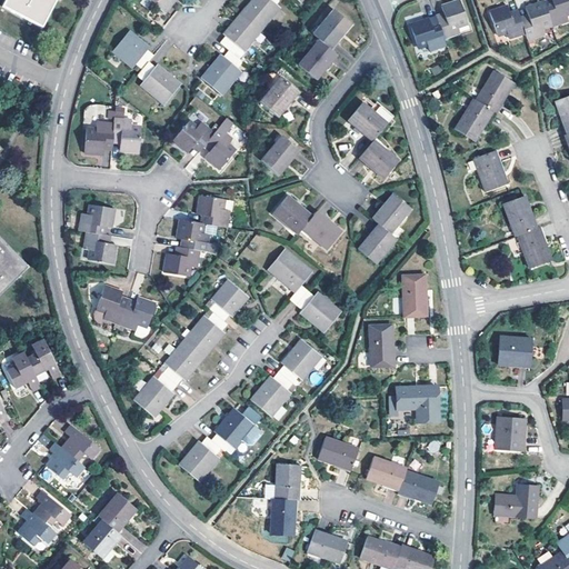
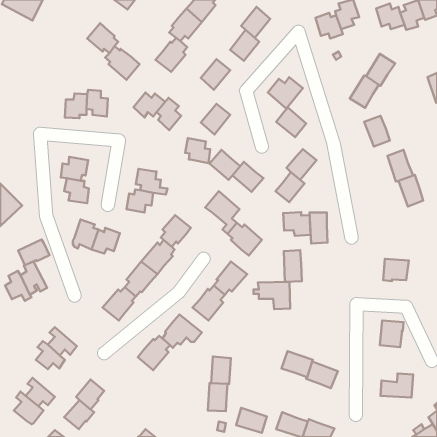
building: [197,194,229,227] -> [185,138,210,163]
building: none -> [283,212,311,236]
building: none -> [18,239,49,265]
building: [390,386,438,421] -> [254,282,290,309]
building: [318,436,358,470] -> none

